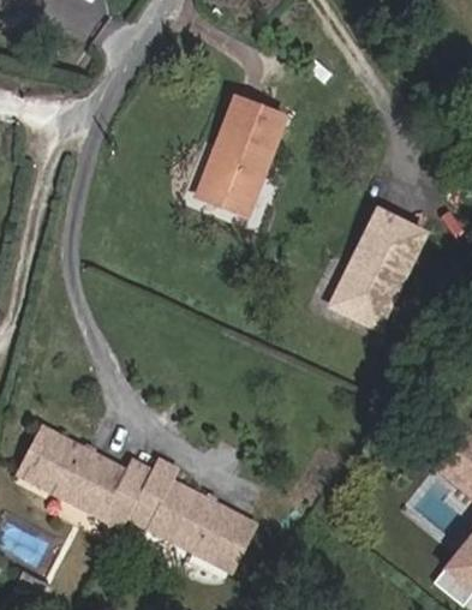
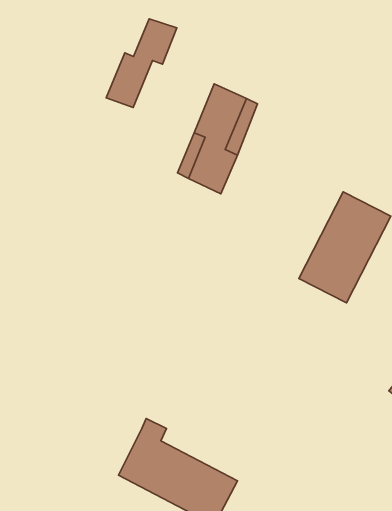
building: none -> [106,19,177,108]
building: [23,430,156,531] -> none

